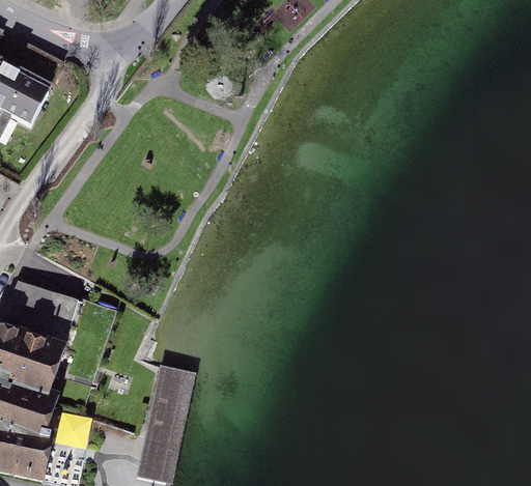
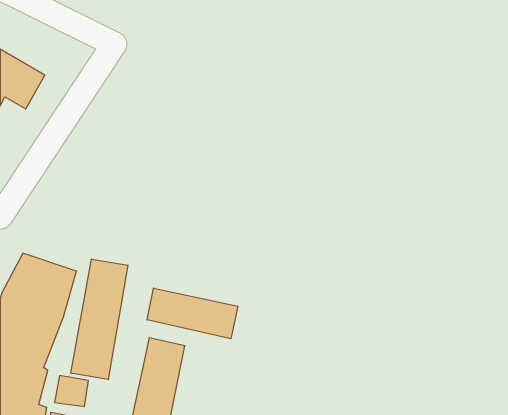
building: none -> [71,259,128,380]
building: none -> [147,288,238,339]

